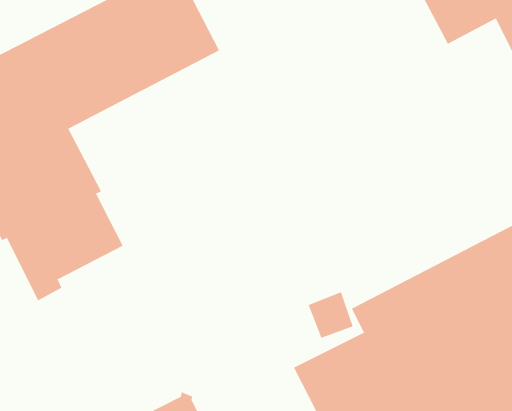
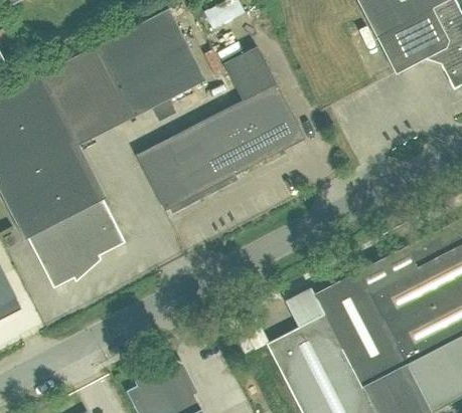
building: none -> [136,47,304,212]

